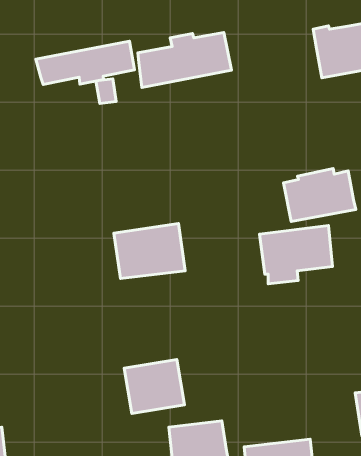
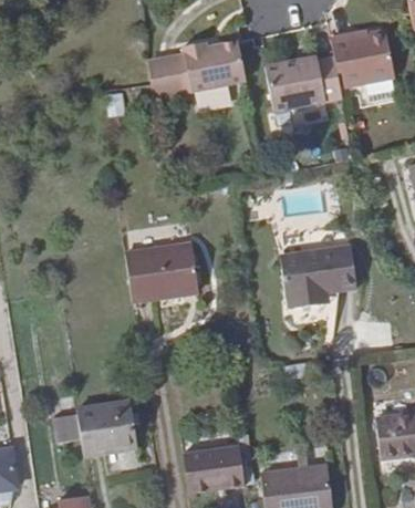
building: [36,41,135,84] -> none
building: [284,169,356,222] -> [268,60,342,114]
building: [124,360,185,414] -> [76,398,138,454]

